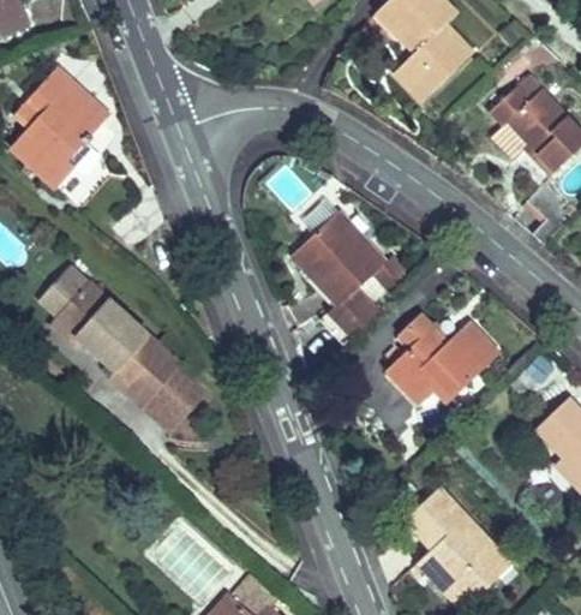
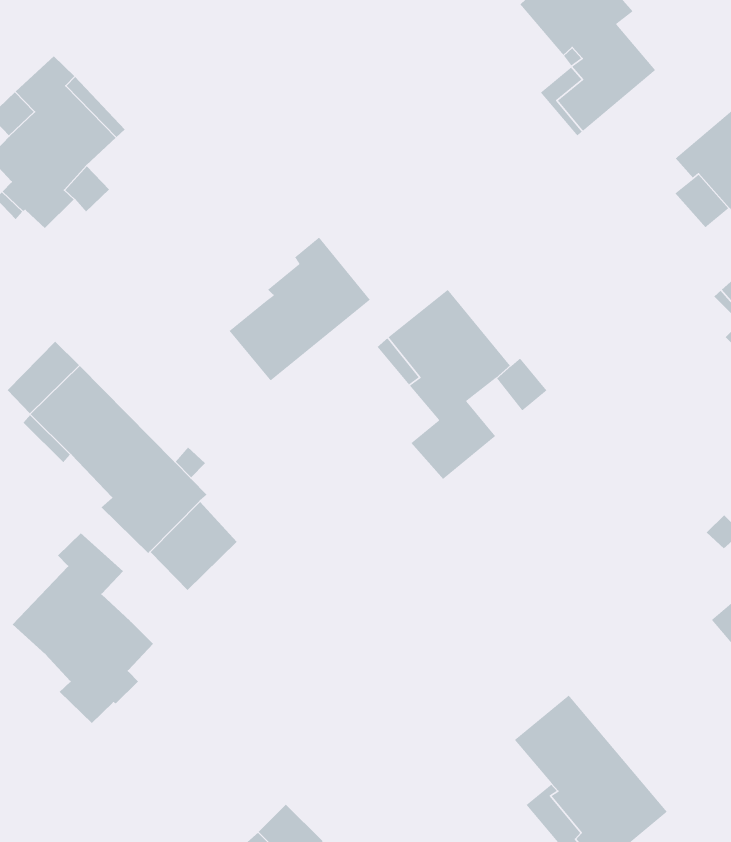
building: none -> [228,237,371,381]
building: [388,315,498,401] -> none
building: none -> [12,532,154,724]

